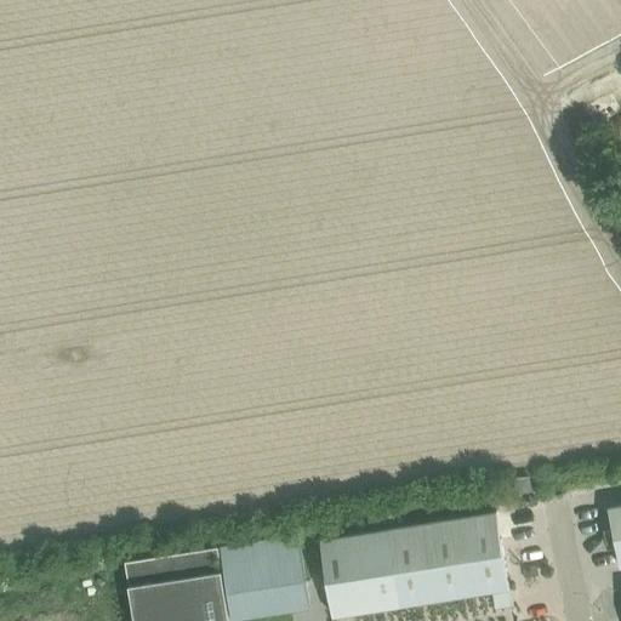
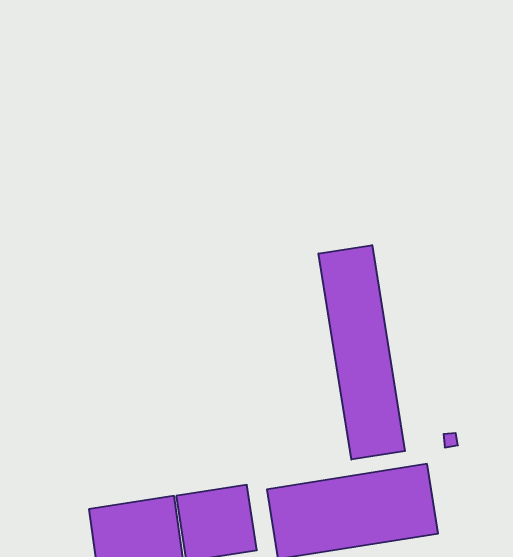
building: none -> [319,245,405,460]

